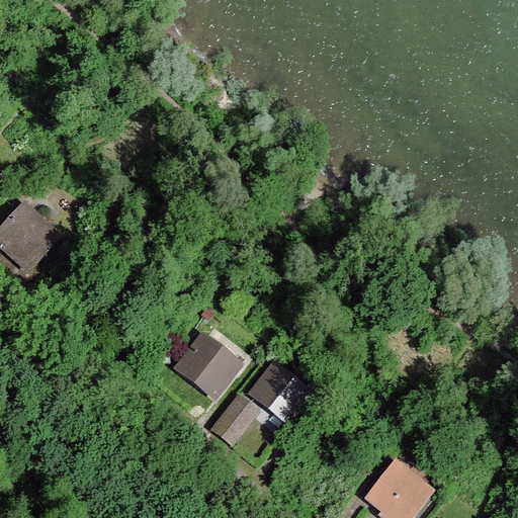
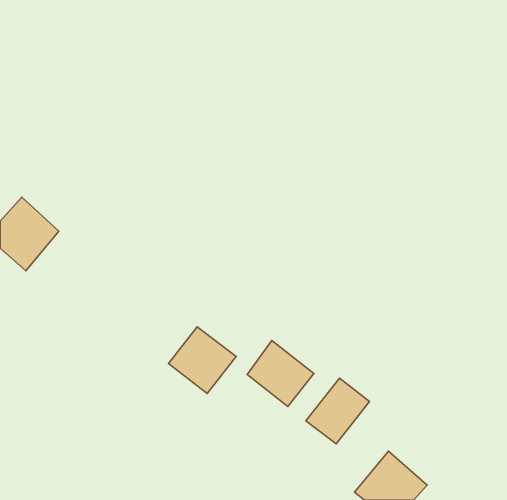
building: none -> [306,378,370,444]
building: [210,395,261,447] -> none

